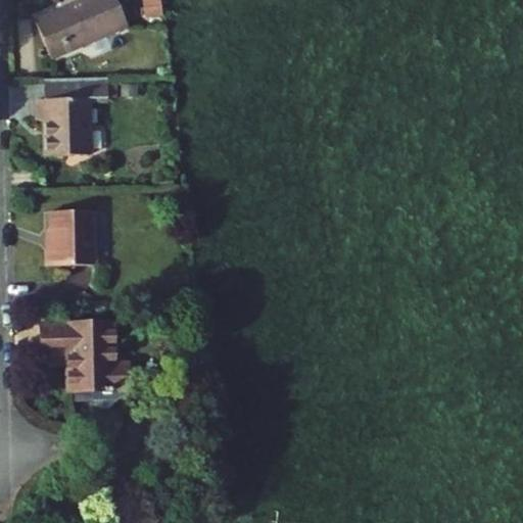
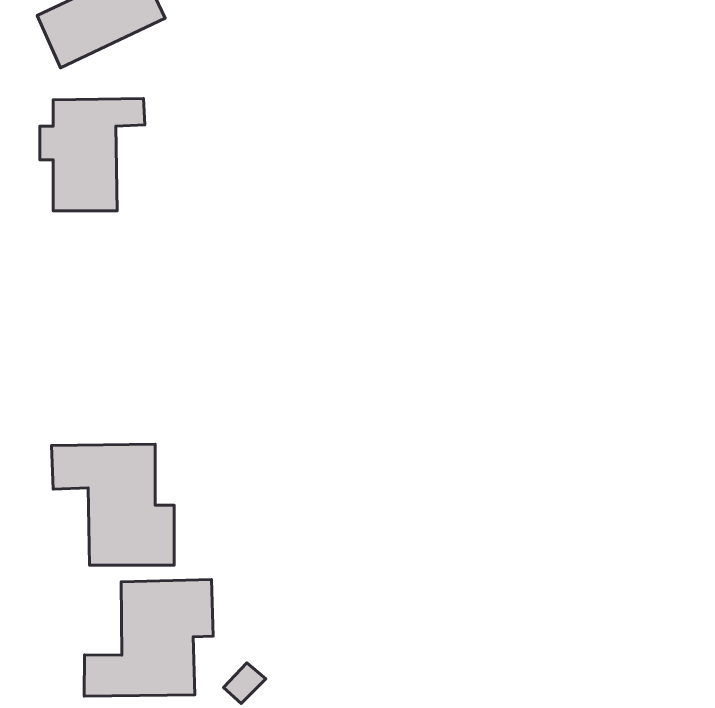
building: [50,217,95,268] -> none
building: none -> [84,580,213,696]

